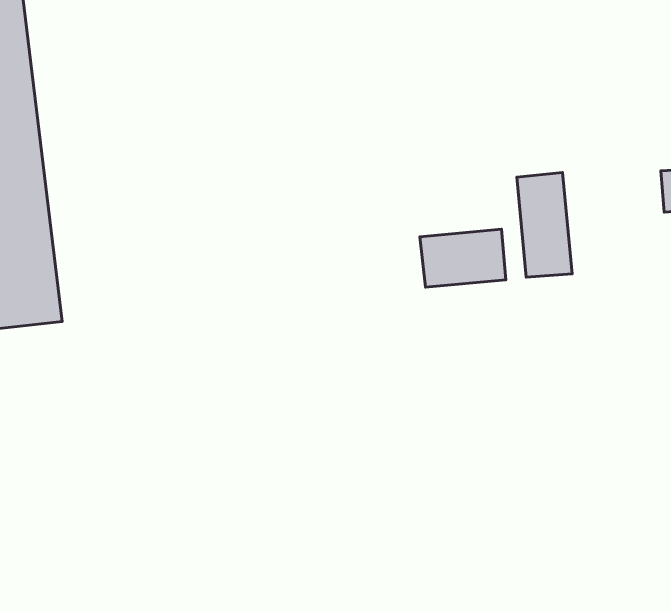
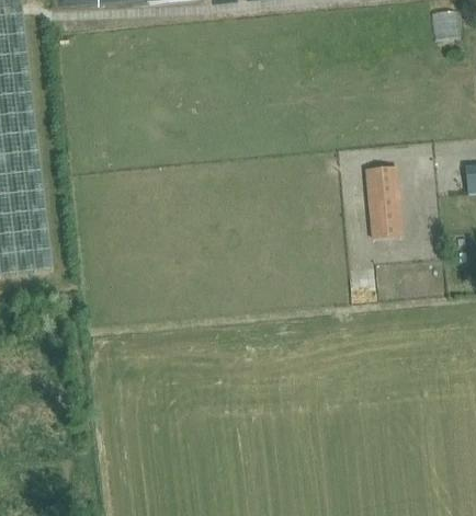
building: [420,229,506,287] -> none

